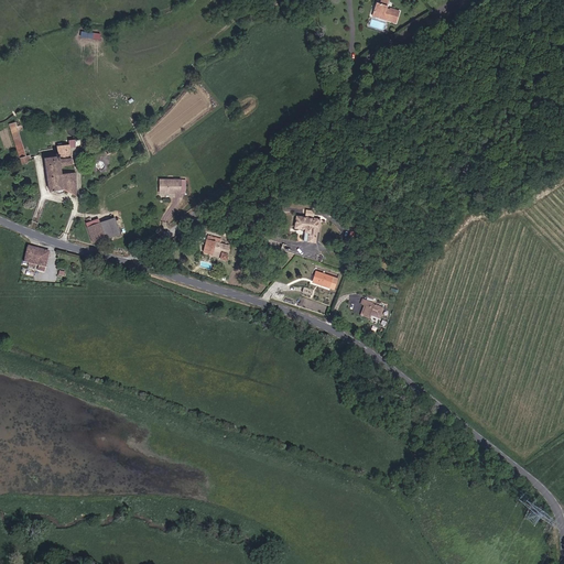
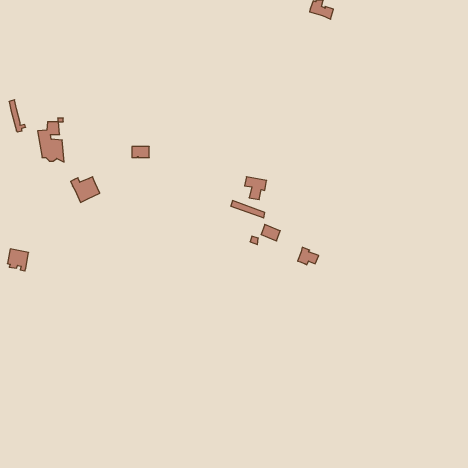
building: [200,234,230,262] -> none
building: [23,246,48,272] -> [7,249,29,271]

